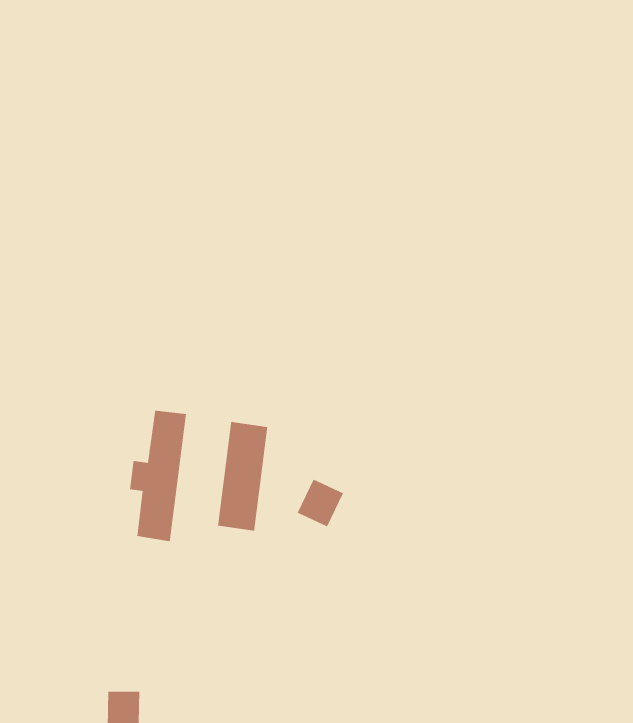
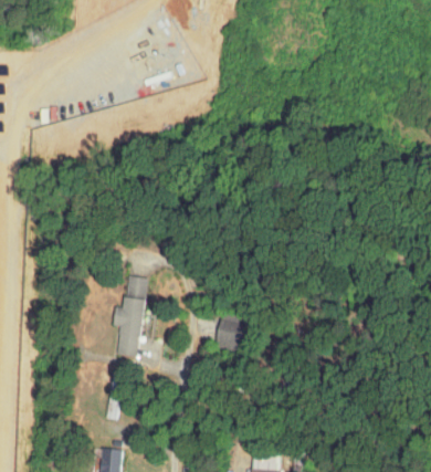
building: [217,421,268,532] -> none

